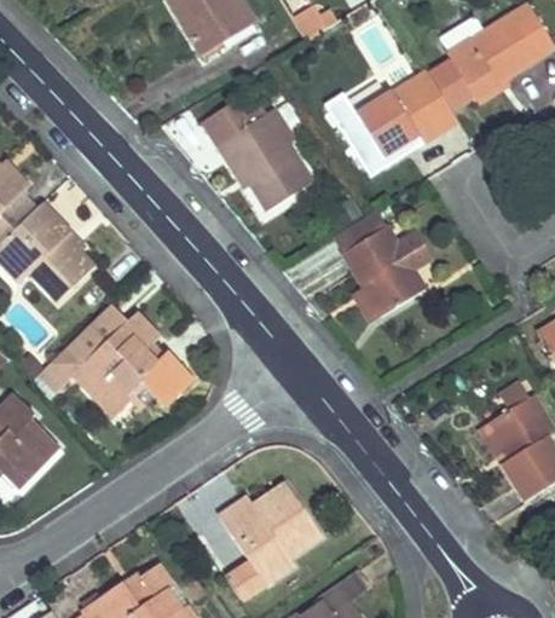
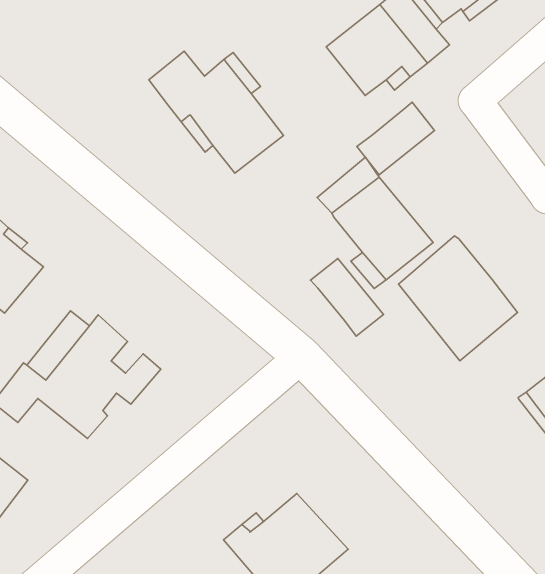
building: none -> [357,102,434,175]
building: none -> [399,236,517,361]
building: none -> [310,258,384,336]

